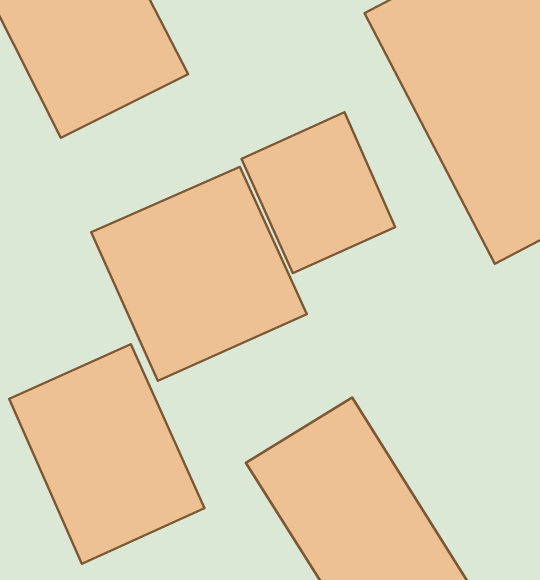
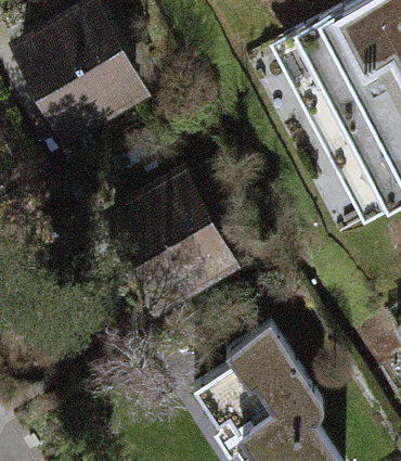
building: [242,112,395,273] -> none
building: [9,344,204,564] -> none

